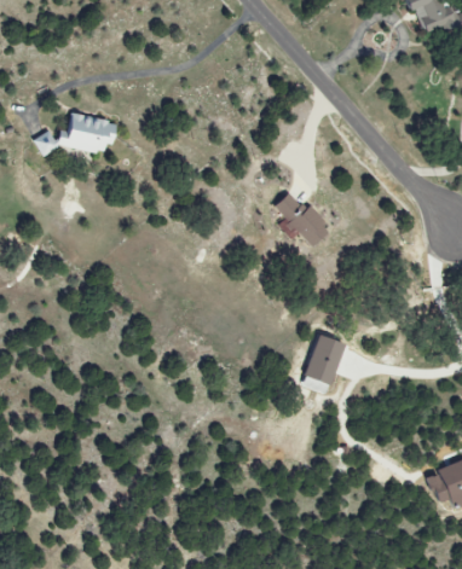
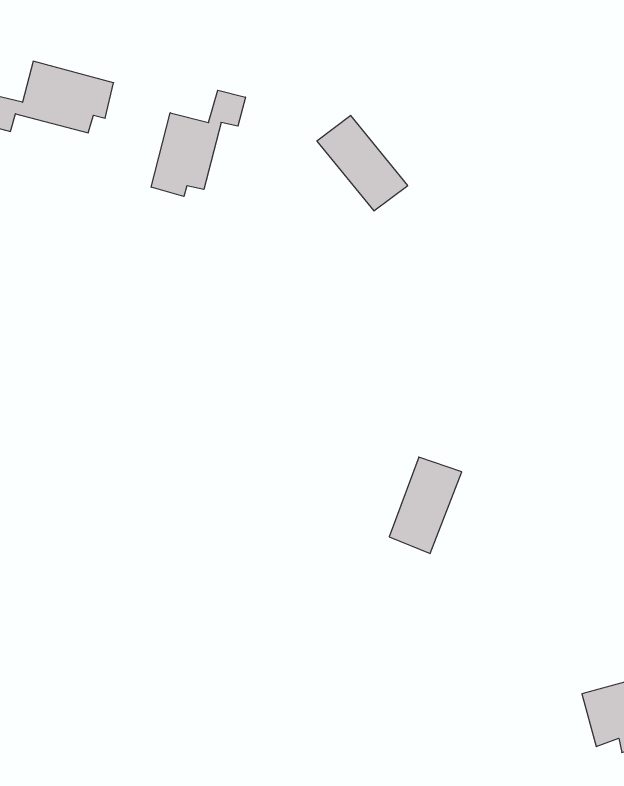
building: none -> [151,90,245,196]
building: [273,190,330,246] -> [317,116,408,211]

